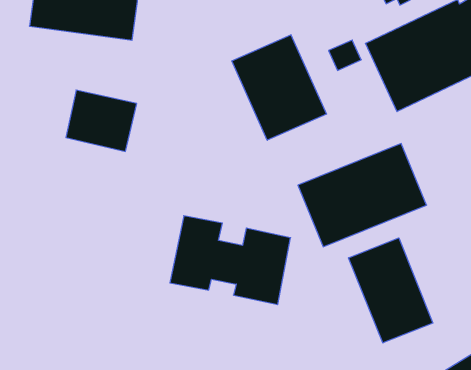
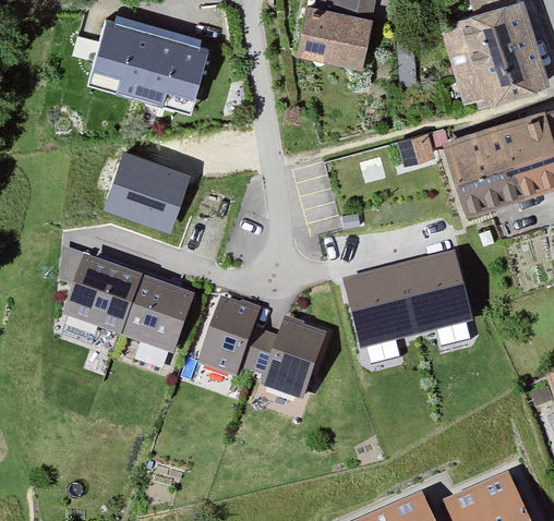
building: [232,35,326,140] -> none
building: none -> [64,254,198,354]
building: [349,238,433,343] -> none

